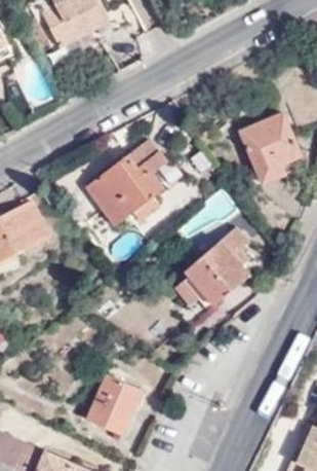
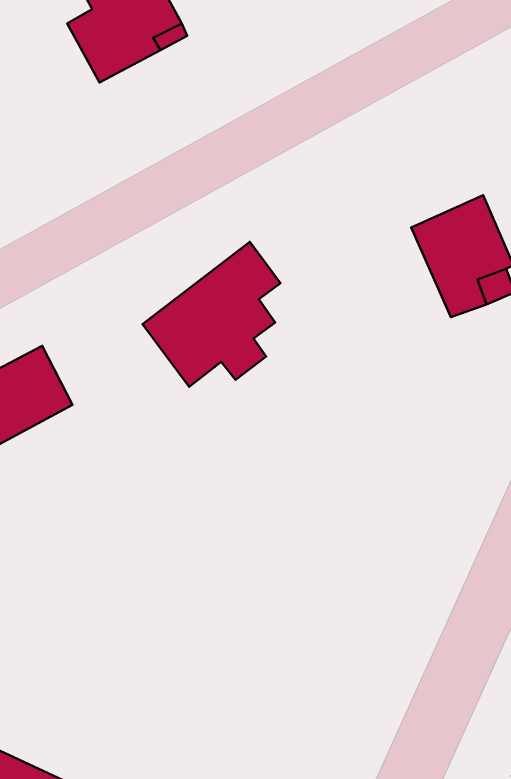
building: [172,226,249,327] -> none
building: [86,374,142,434] -> none

